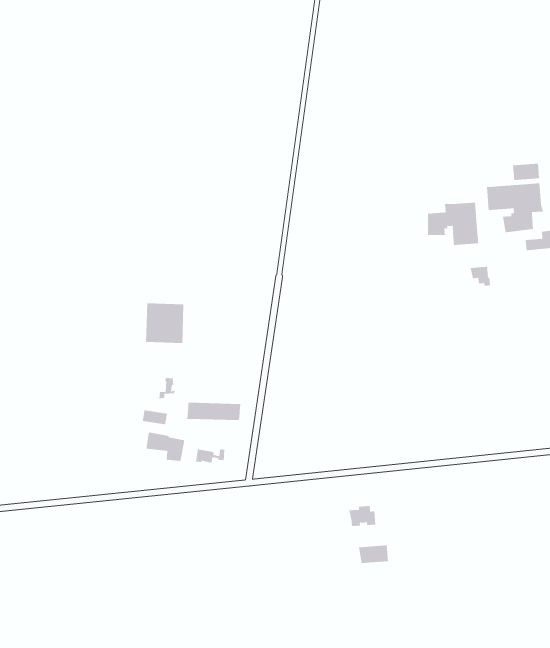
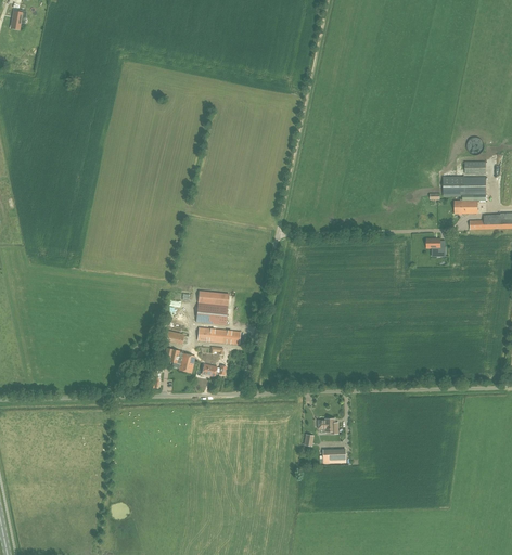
building: [427,202,479,246] -> none
building: [145,303,184,343] -> [195,291,228,324]

